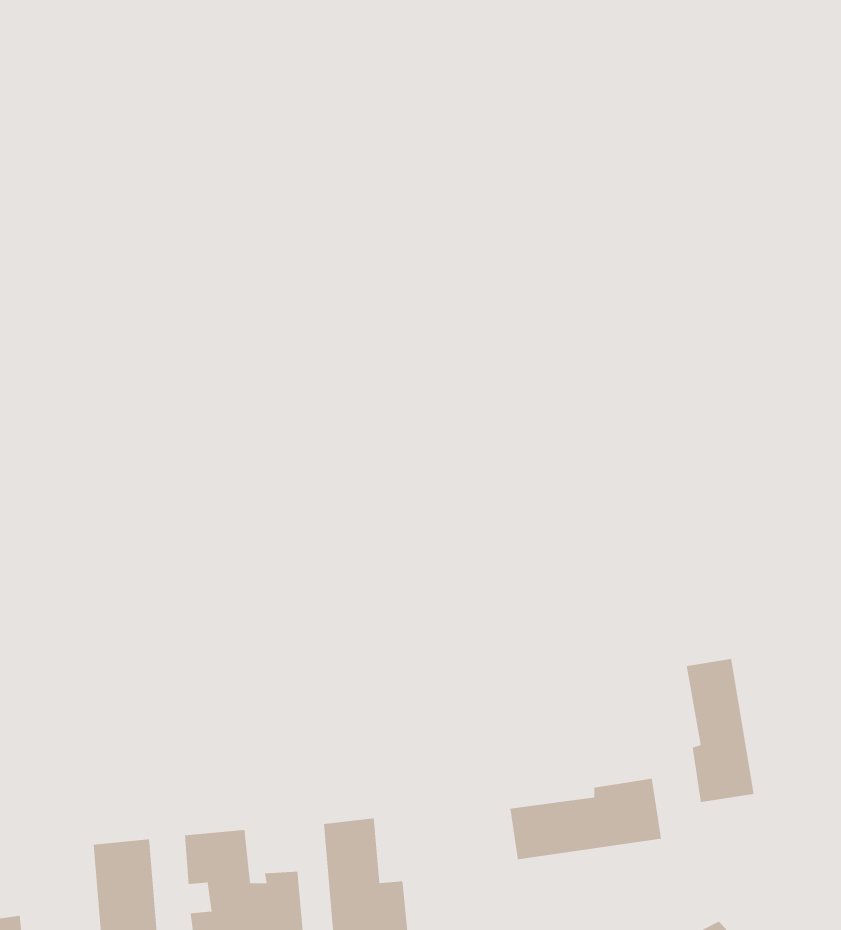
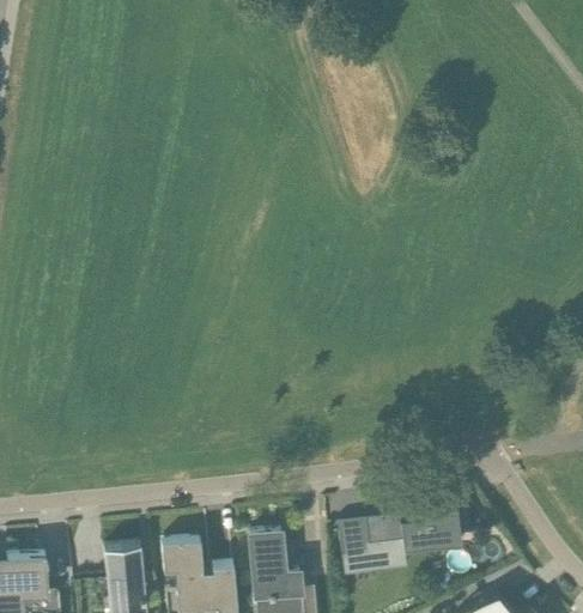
building: [686,658,754,803] -> none
building: none -> [338,522,371,560]

